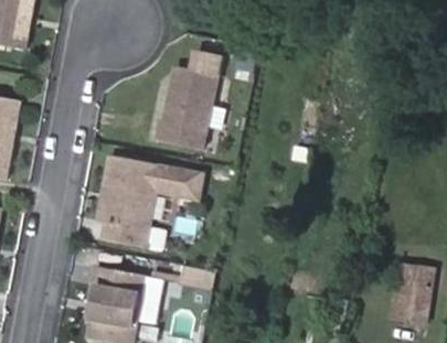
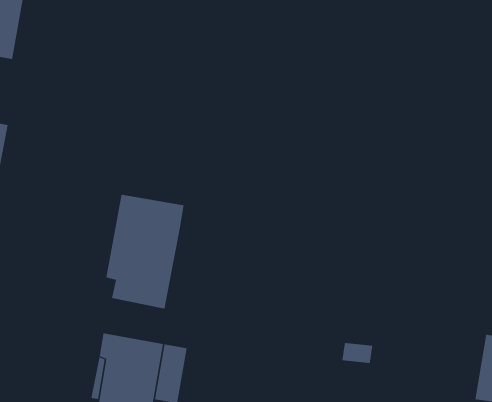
building: [158,66,217,150] -> none
building: [158,164,201,196] -> none

